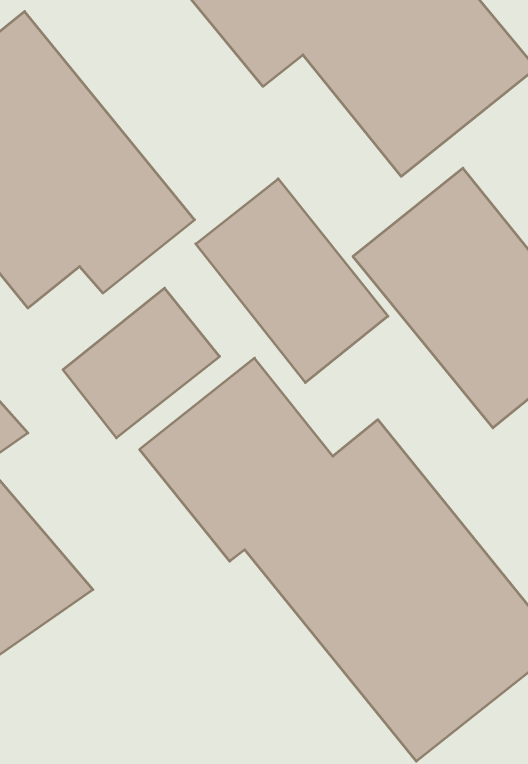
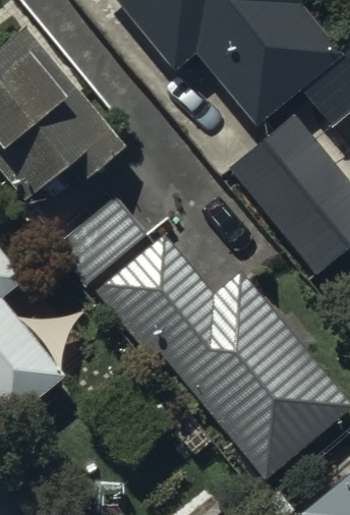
building: [196,179,388,383] -> none

